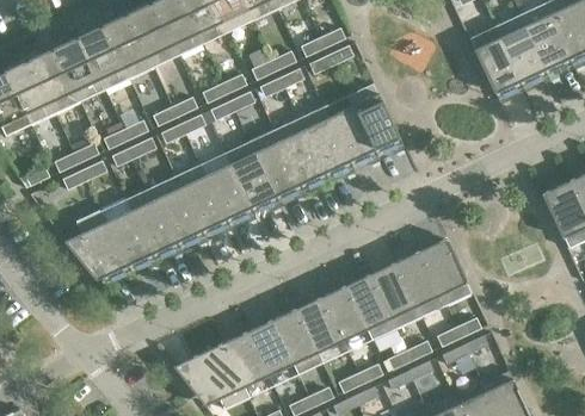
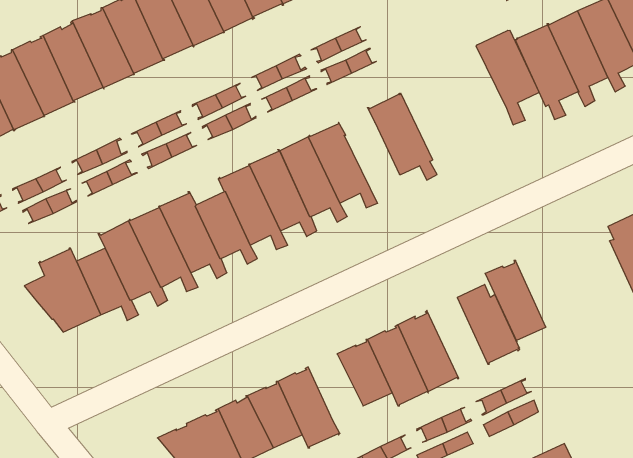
building: none -> [476,30,539,125]
building: [327,107,378,167] -> none
building: [395,252,445,318] -> [485,260,546,342]
building: [297,298,343,353] -> none

